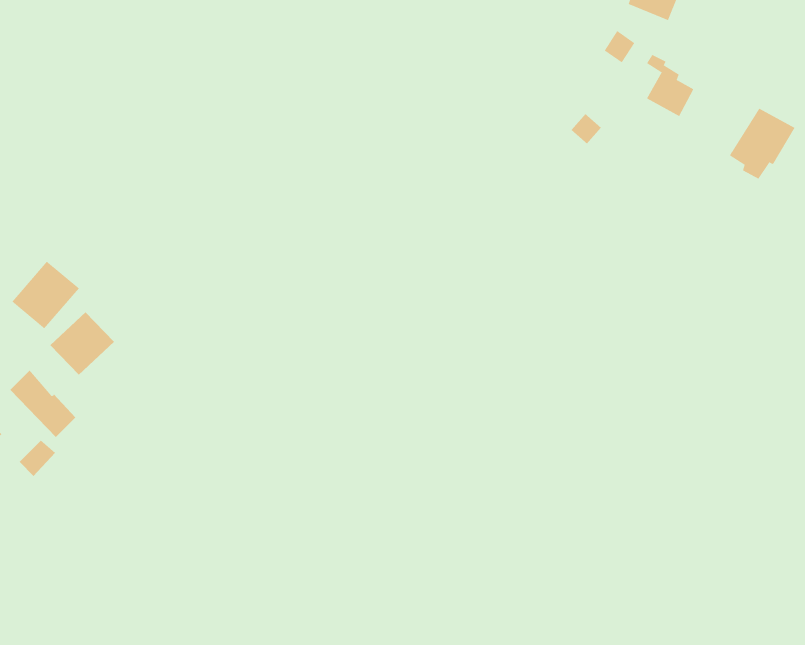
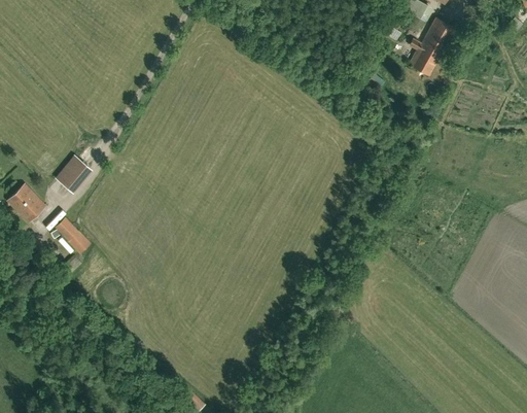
building: [729,108,796,180] -> [419,20,456,60]
building: [49,311,115,376] -> none

